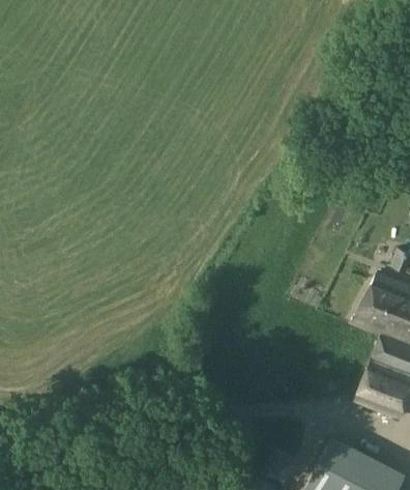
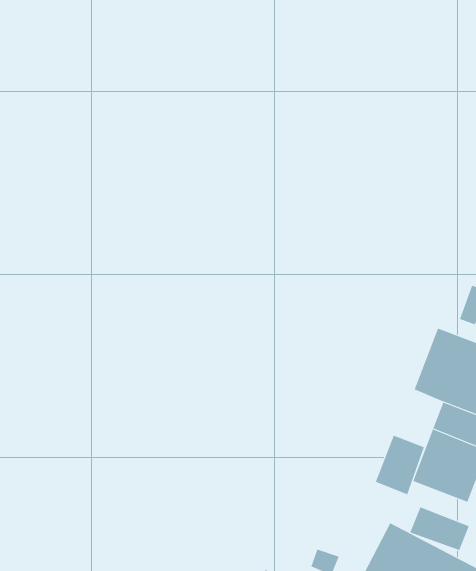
building: none -> [375,435,425,495]
building: none -> [409,507,469,551]

